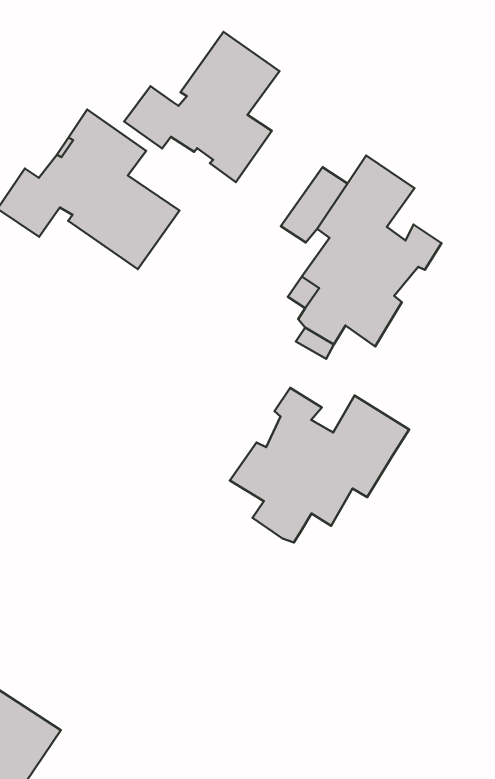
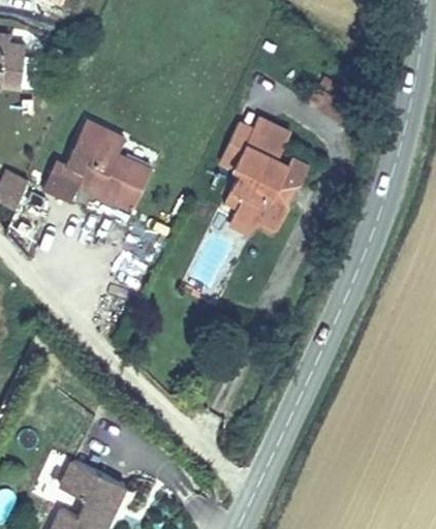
building: [124,32,279,182] -> none
building: [230,388,409,543] -> none

